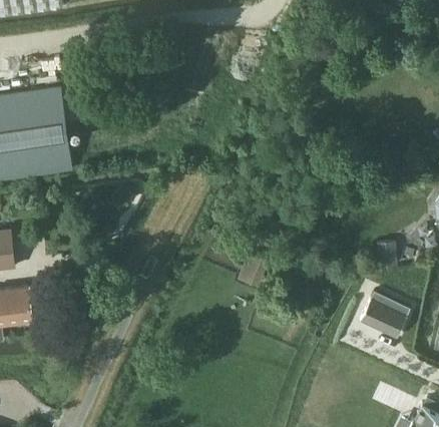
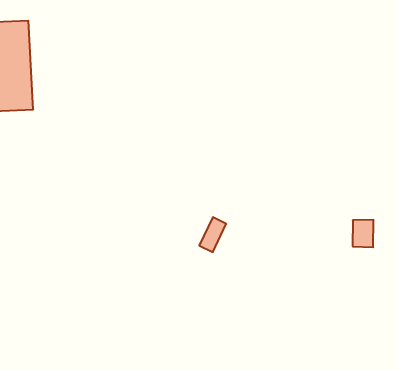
building: [360,292,409,337] -> none

